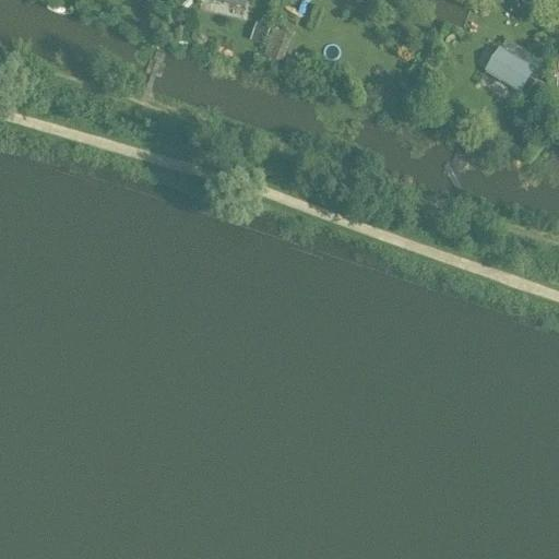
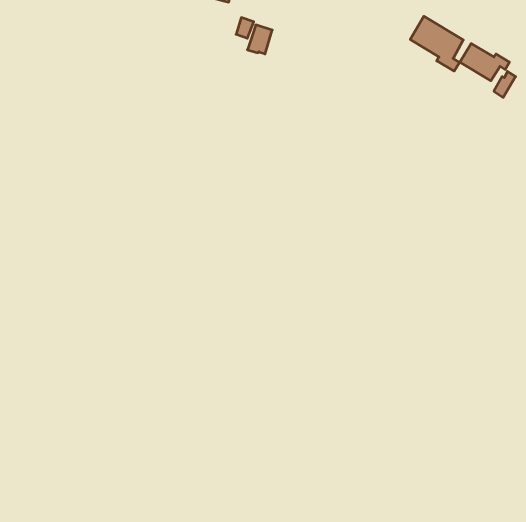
building: none -> [410,16,463,71]

